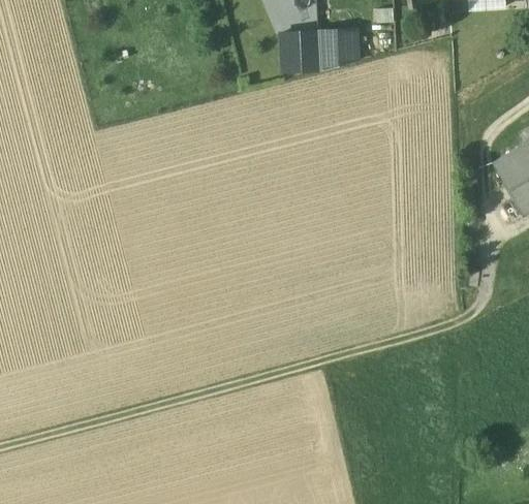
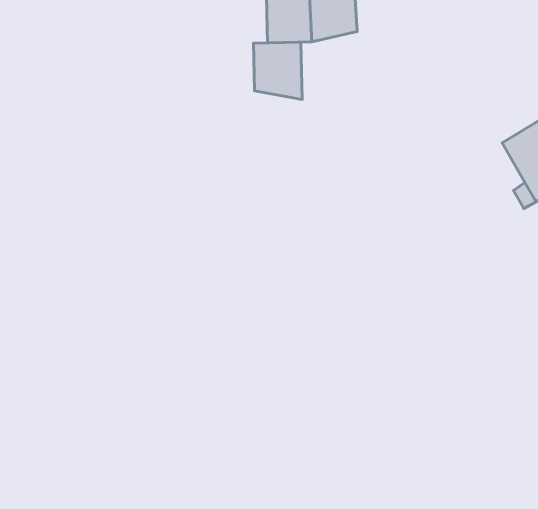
building: none -> [254,42,302,100]

